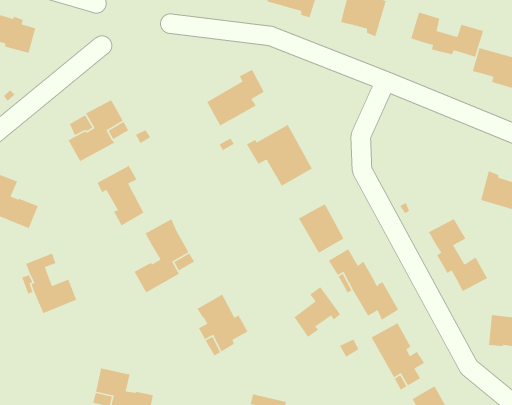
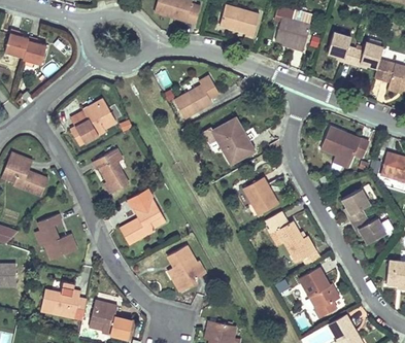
building: none -> [320,127,369,168]
building: [294,286,341,338] -> none
building: none -> [40,281,87,320]

